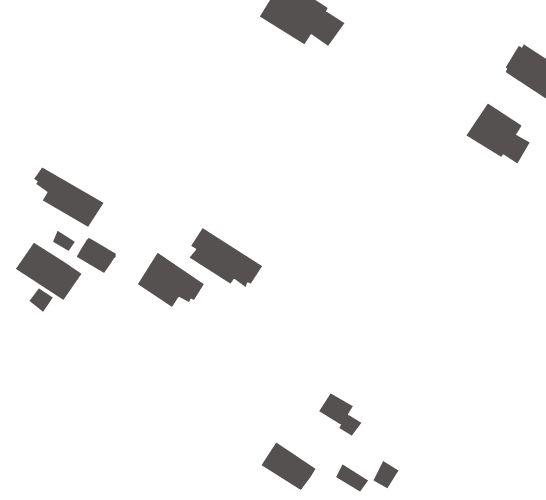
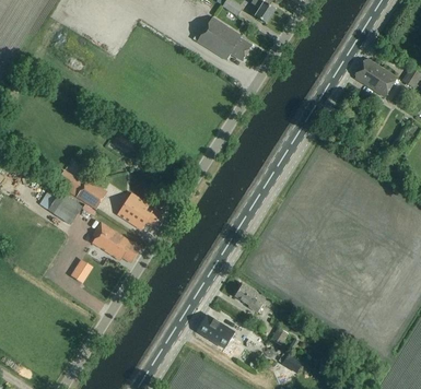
building: [465,103,531,164] -> none
building: [33,166,104,228] -> none
building: [189,227,263,288] -> [91,222,139,261]

